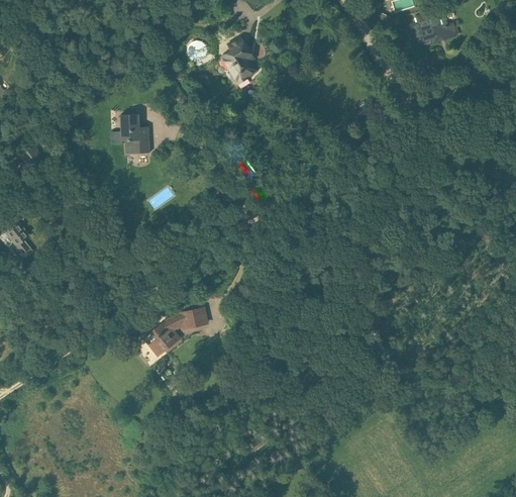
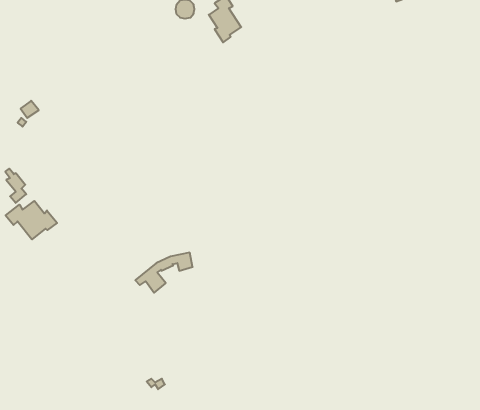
building: [120,113,149,154] -> none
building: none -> [6,201,57,239]

